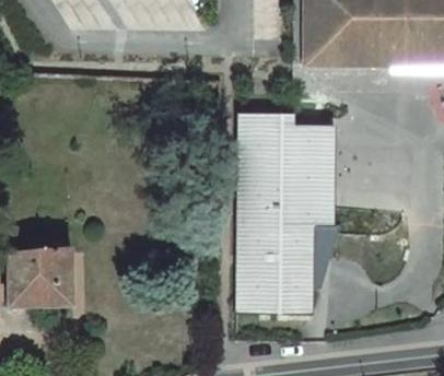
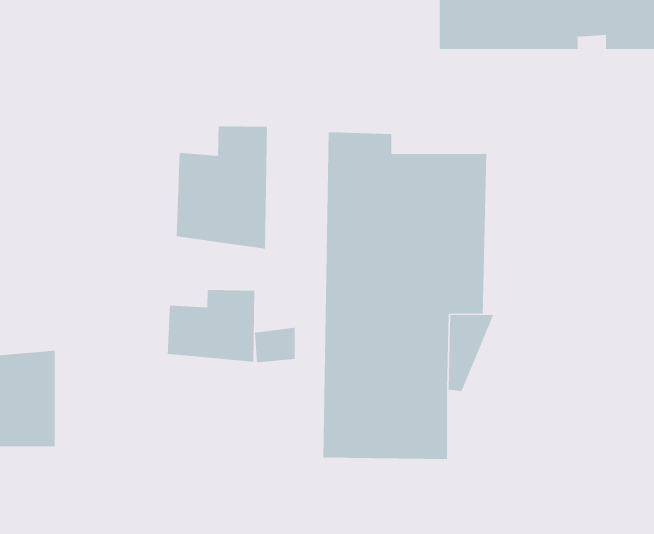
building: none -> [176,125,267,250]
building: none -> [167,289,255,363]

